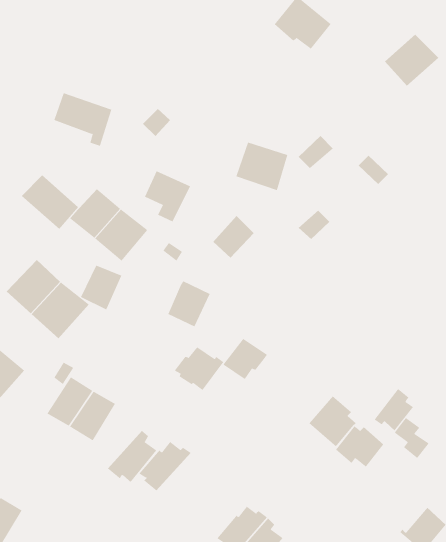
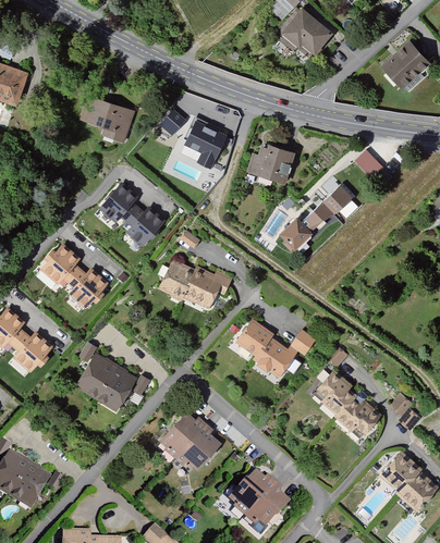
building: [298,135,334,169] -> [320,182,353,212]
building: [144,171,191,222] -> [185,121,228,168]
building: [21,174,79,230] -> none
building: [213,215,254,258] -> [276,212,314,251]
building: [80,265,122,310] -> [157,259,195,300]
building: [174,346,224,391] -> [250,337,296,378]
building: [374,388,414,431] -> none
building: [107,430,157,483] -> [173,422,219,470]
building: none -> [378,451,421,494]

